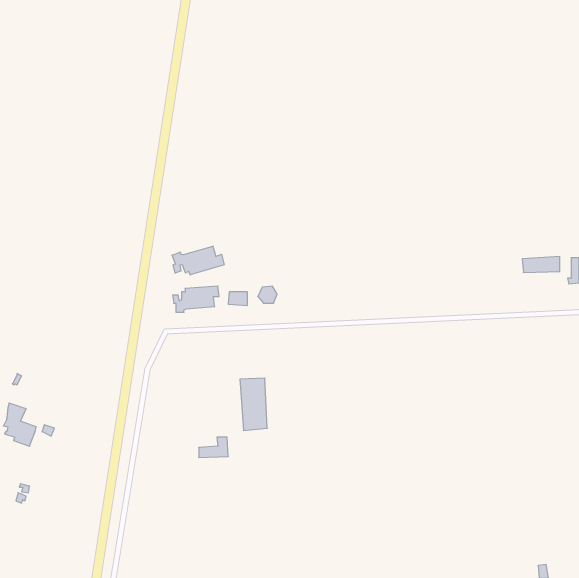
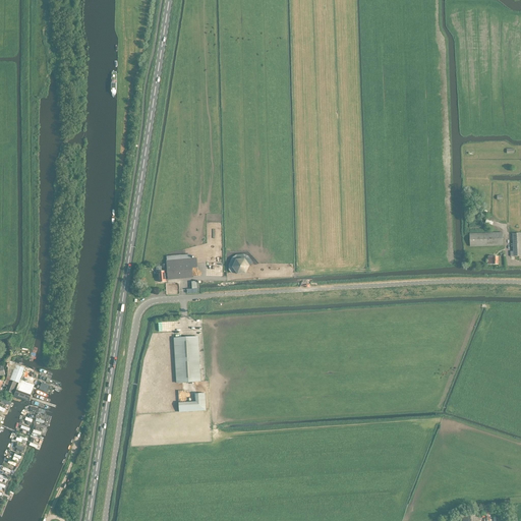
building: [172,246,224,275] -> none
building: [240,378,267,430] -> [174,335,198,382]

